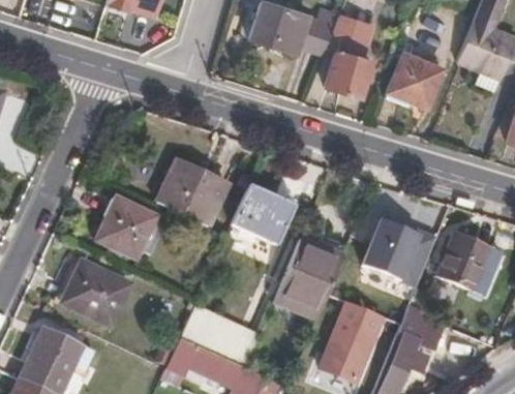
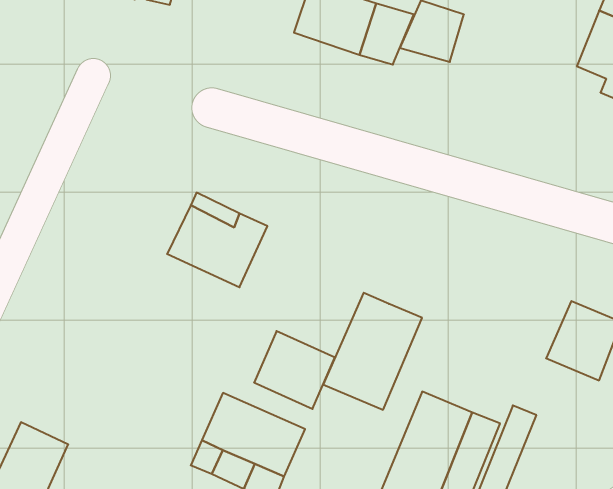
building: [324,51,372,97] -> none
building: [387,53,442,109] -> none
building: [235,180,295,238] -> [254,331,335,409]
building: [97,200,157,260] -> none
building: [363,220,422,283] -> none
building: [61,263,130,327] -> none

